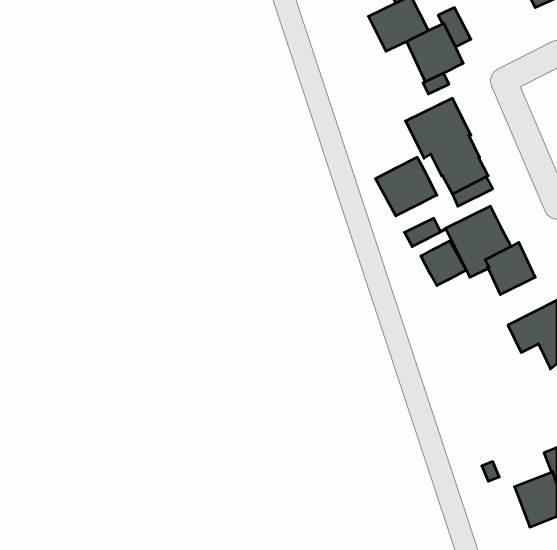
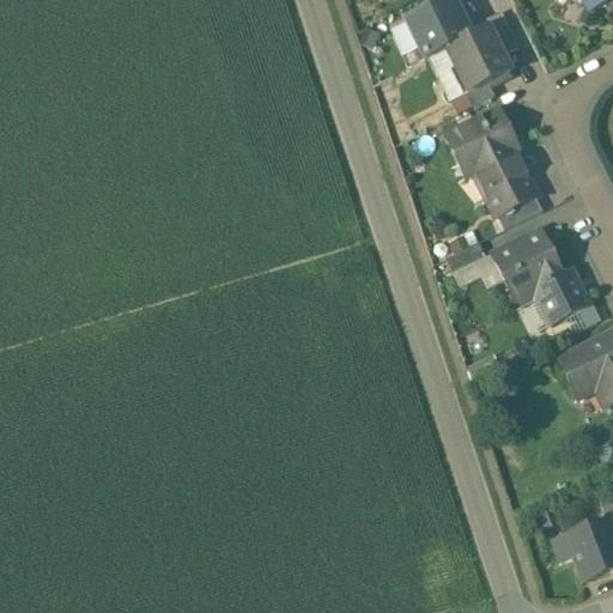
building: [375,157,437,216] -> none
building: [421,241,466,286] -> none

